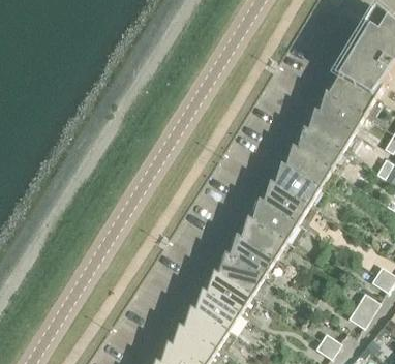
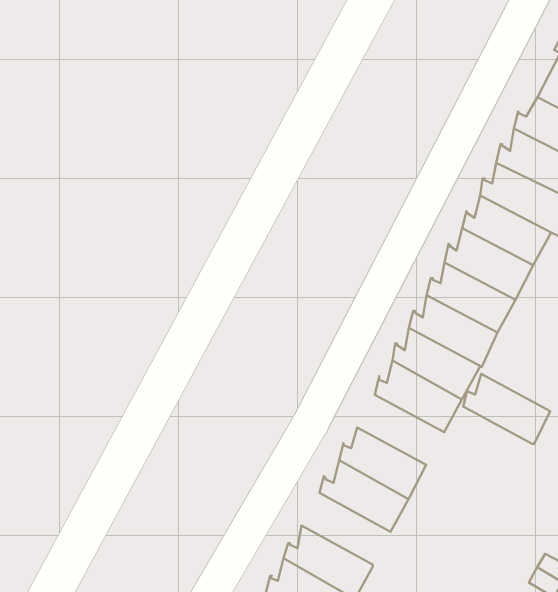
building: [225,238,274,279] -> [463,374,550,444]
building: [190,291,240,333] -> none

